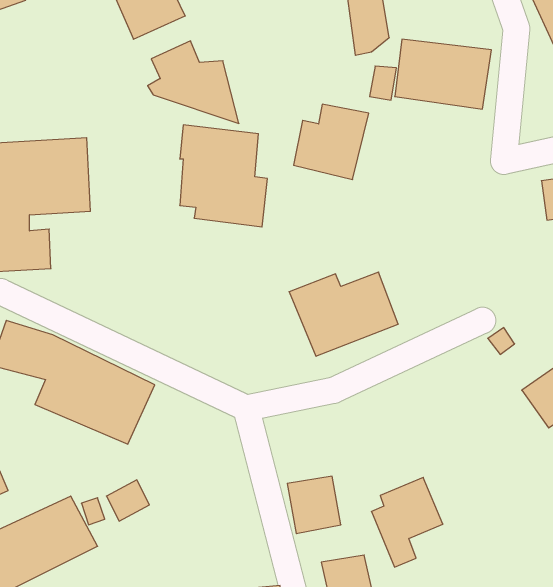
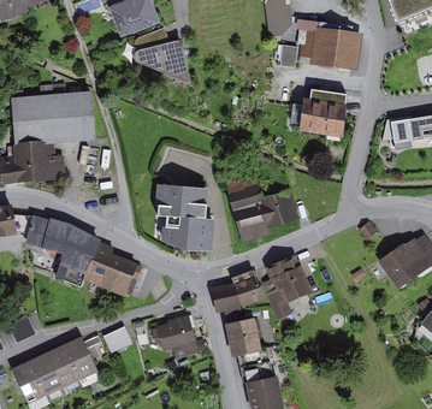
building: [294,104,369,180] -> [295,87,345,137]
building: [180,125,267,227] -> [154,178,213,247]
building: none -> [214,272,261,310]
building: none -> [152,314,197,356]
building: [371,477,443,567] -> [261,260,309,320]

